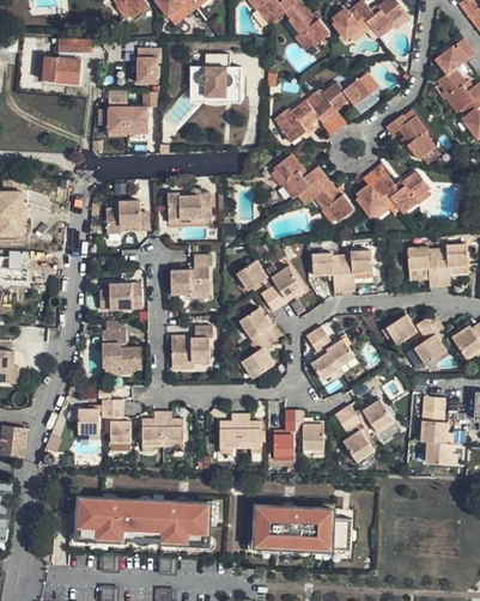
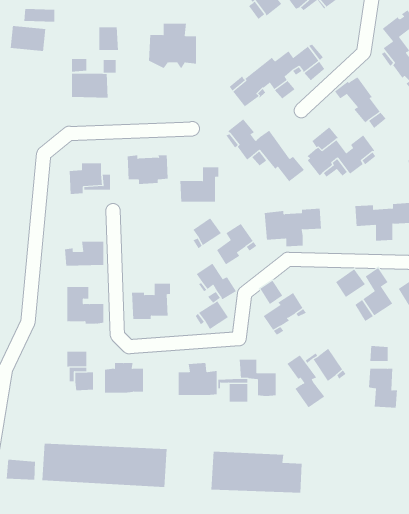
building: [169,256,211,293] -> [179,167,219,202]
building: [79,408,99,433] -> none
building: none -> [6,459,36,481]

